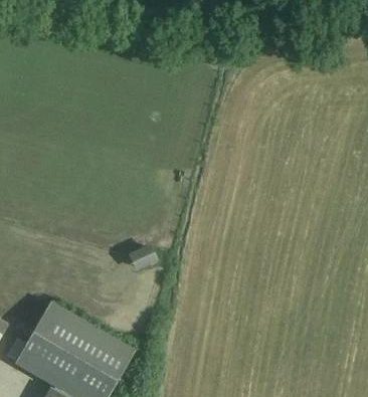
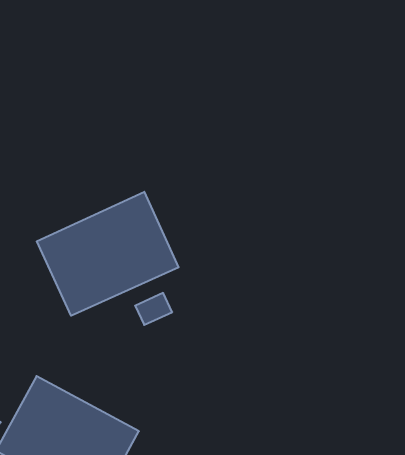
building: none -> [37,192,179,316]

